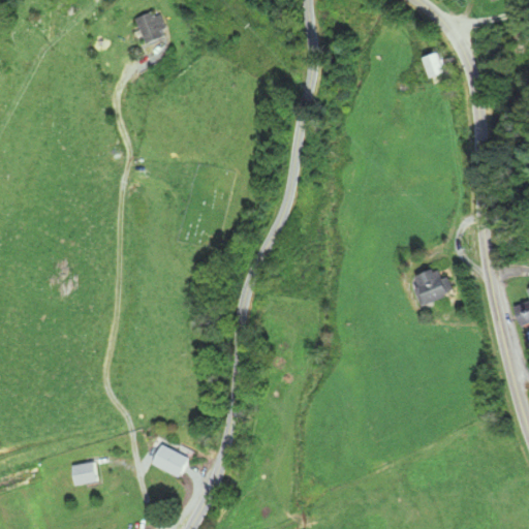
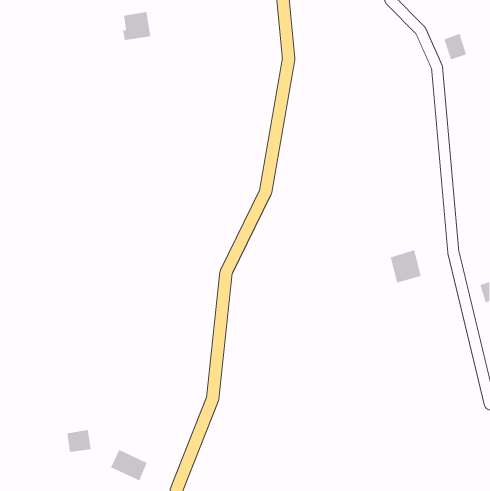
building: [423,52,447,81] -> [444,33,467,60]
building: [148,443,188,477] -> [110,449,148,481]

